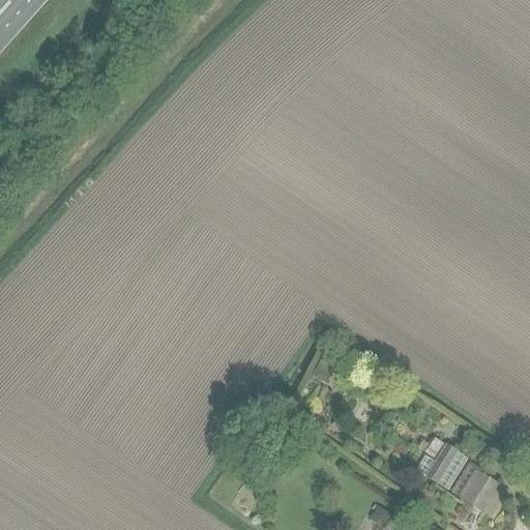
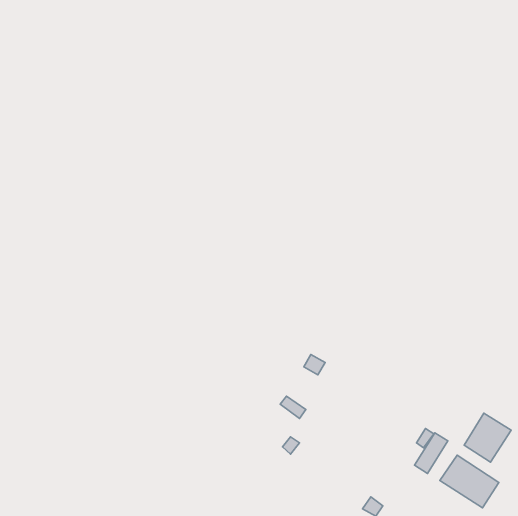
building: none -> [464,413,511,462]

